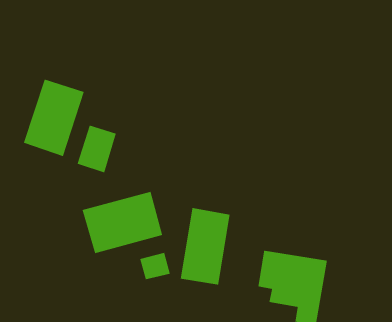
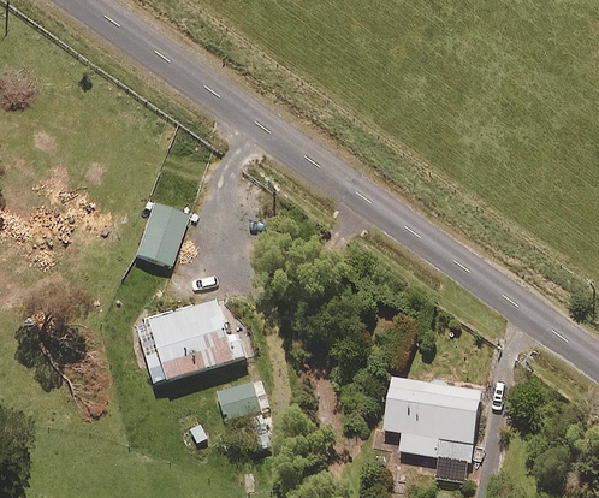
building: [23,78,85,157] -> none
building: [180,207,231,285] -> none

